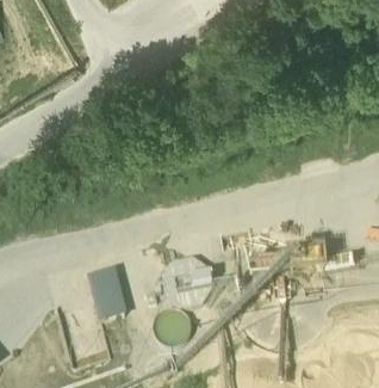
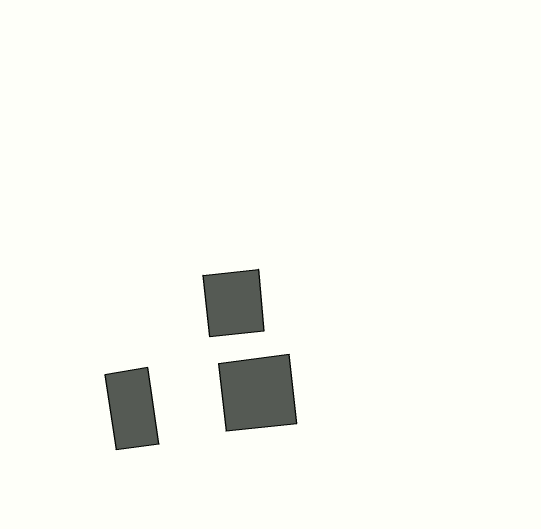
building: none -> [203,269,264,337]

